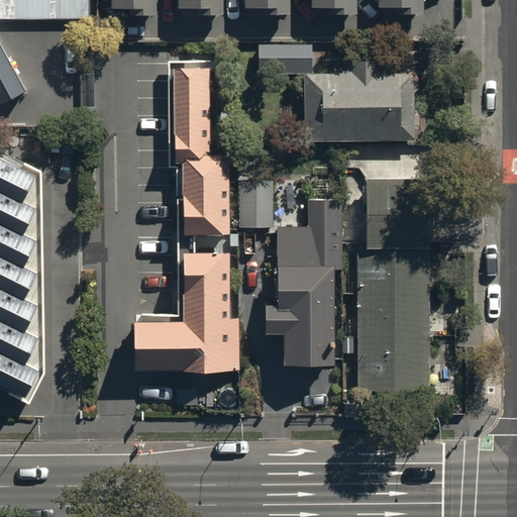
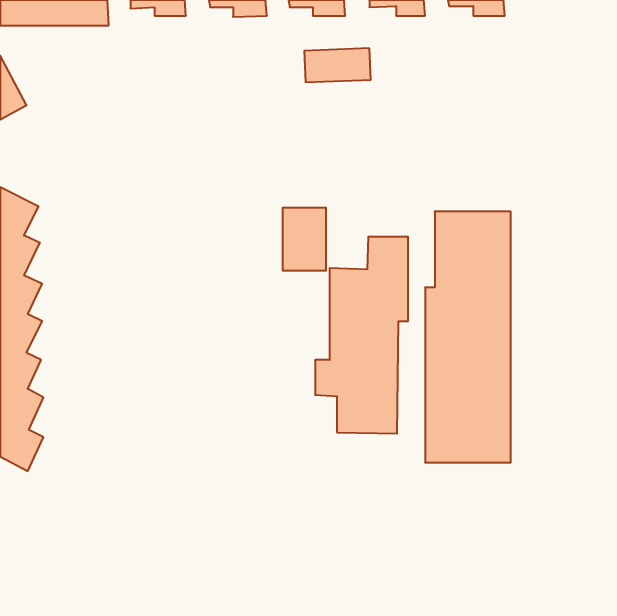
building: [303,61,414,142] -> none
building: [172,66,230,234] -> none
building: [131,251,239,370] -> none

